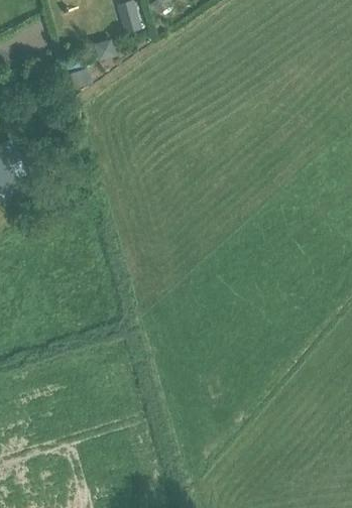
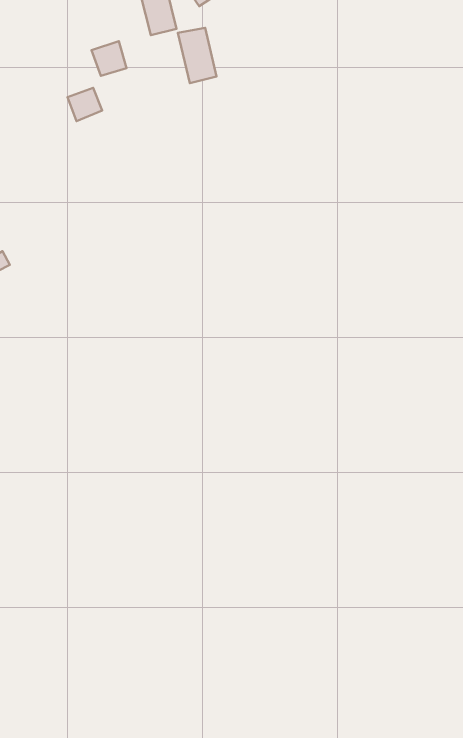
building: none -> [178,28,217,83]

